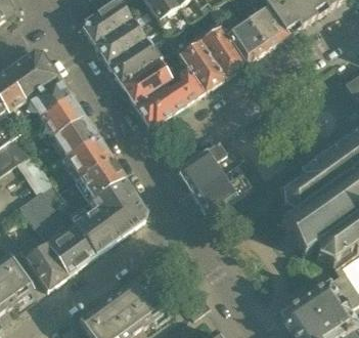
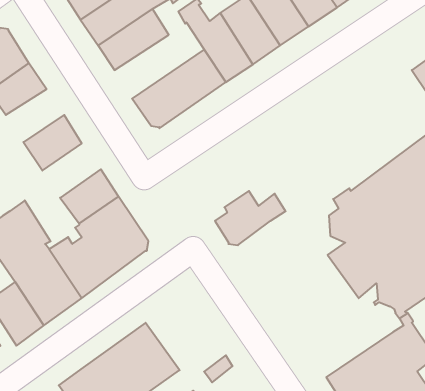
building: [121,46,188,103] -> none
building: [39,96,83,136] -> none
building: [66,137,110,178] -> none
building: [180,141,228,196] -> none

